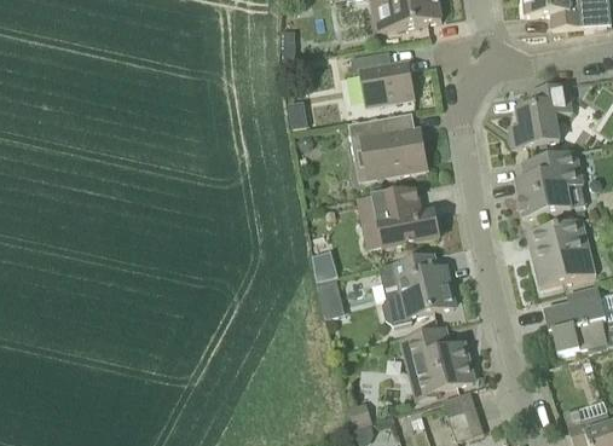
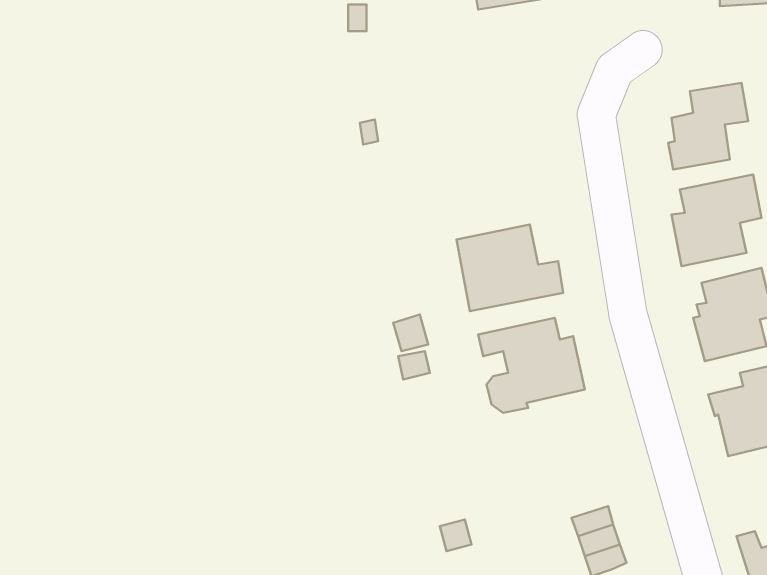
building: [342,52,415,104] -> none
building: [348,114,427,178] -> none
building: [403,325,473,393] -> none

